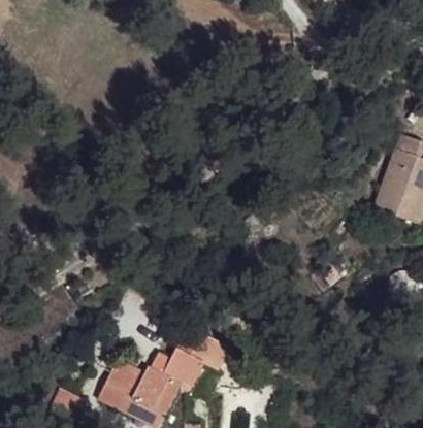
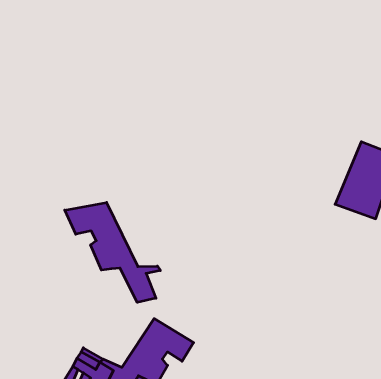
building: none -> [65,202,160,302]

